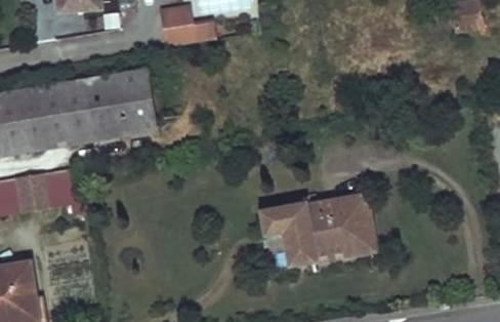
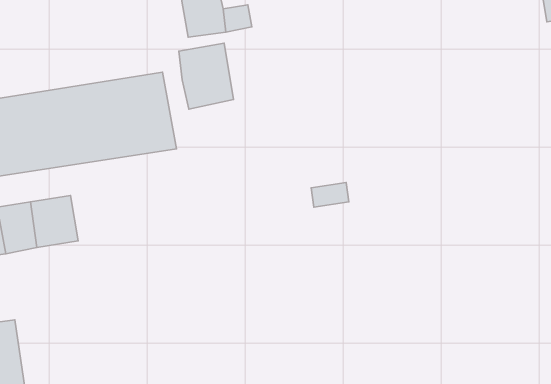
building: none -> [179,43,234,109]
building: [261,198,371,267] -> none

